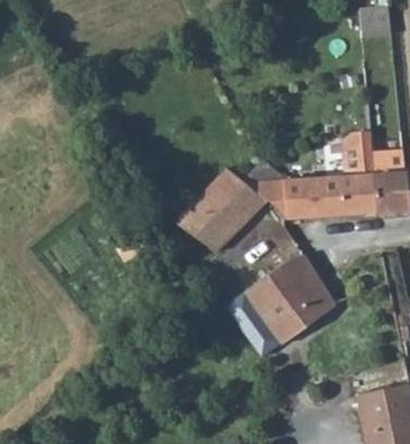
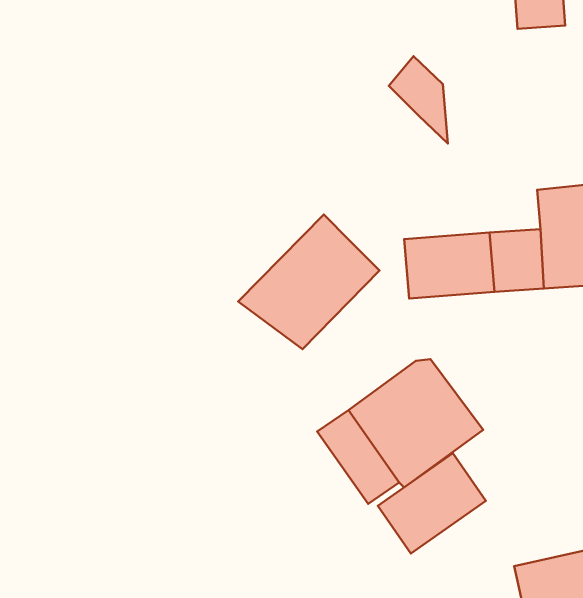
building: [339,130,375,175] -> none
building: [248,161,288,219] -> [389,56,448,143]
building: none -> [378,453,486,554]

